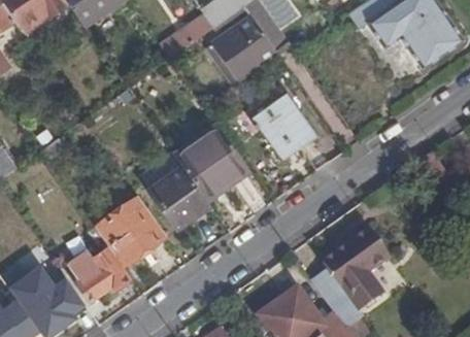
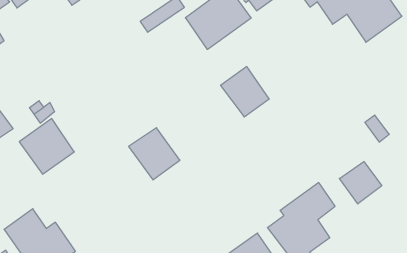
building: [173,123,248,199] -> none
building: [98,199,161,263] -> [19,119,74,174]
building: none -> [339,162,382,204]
building: [71,248,126,300] -> none

